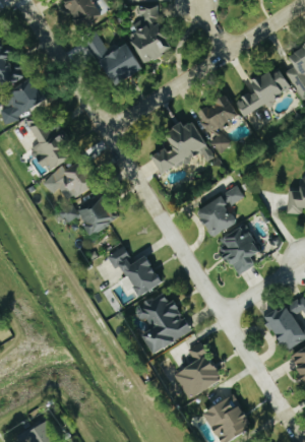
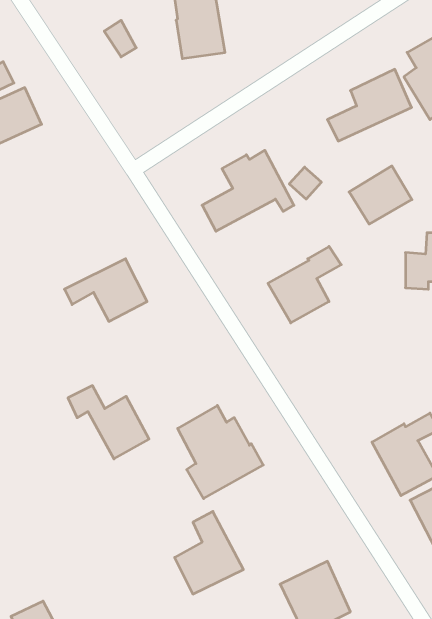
building: [99,45,141,86] -> none
building: [196,96,238,134] -> [349,166,412,224]
building: [27,116,71,172] -> none
building: [44,161,95,198] -> none
building: [221,225,257,274] -> none
building: [107,247,161,296] -> [68,386,149,459]
building: [176,341,222,396] -> [175,511,243,594]

